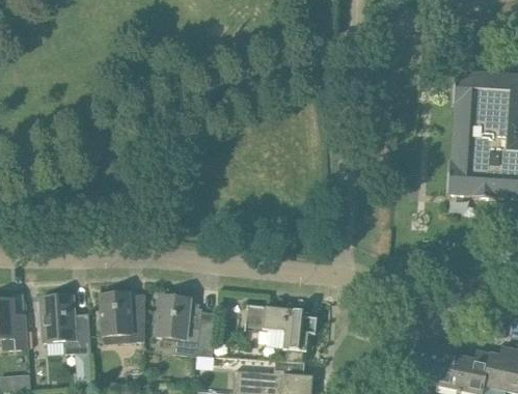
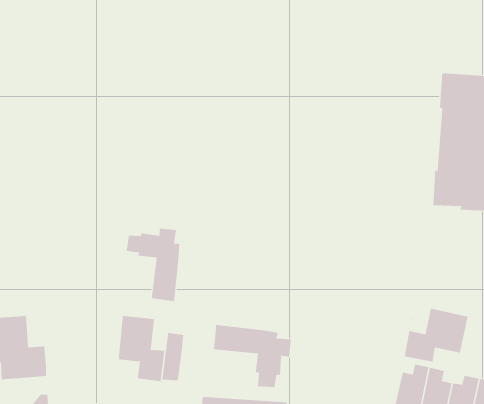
building: none -> [126,228,180,302]
building: none -> [404,308,468,363]
building: [99,292,144,342] -> none

